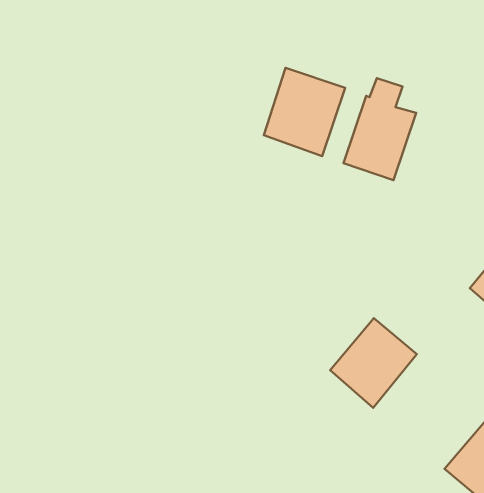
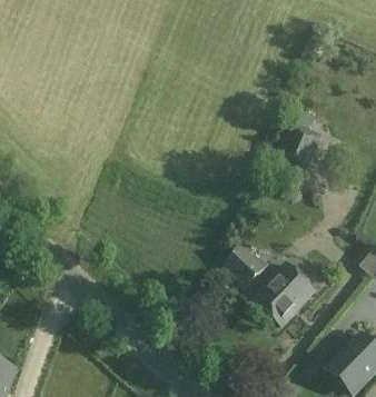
building: [264,68,345,156] -> none
building: none -> [226,245,267,287]

